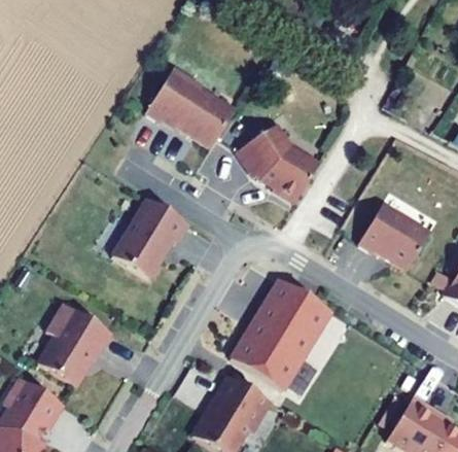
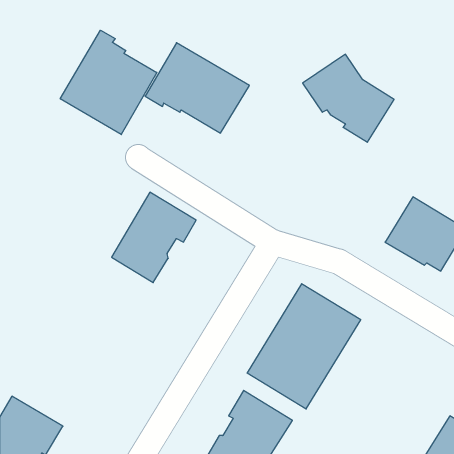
building: none -> [60,30,157,135]
building: [236,123,317,201] -> [303,54,394,142]
building: [42,304,114,386] -> none

